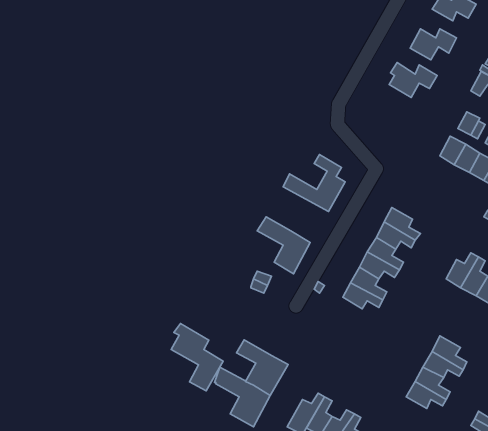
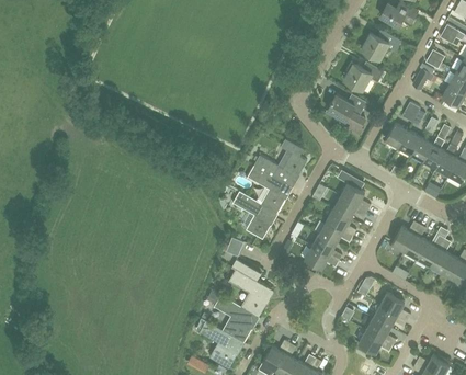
building: none -> [326,94,374,135]
building: none -> [247,166,292,213]
building: [171,323,223,391] -> [228,259,272,316]

